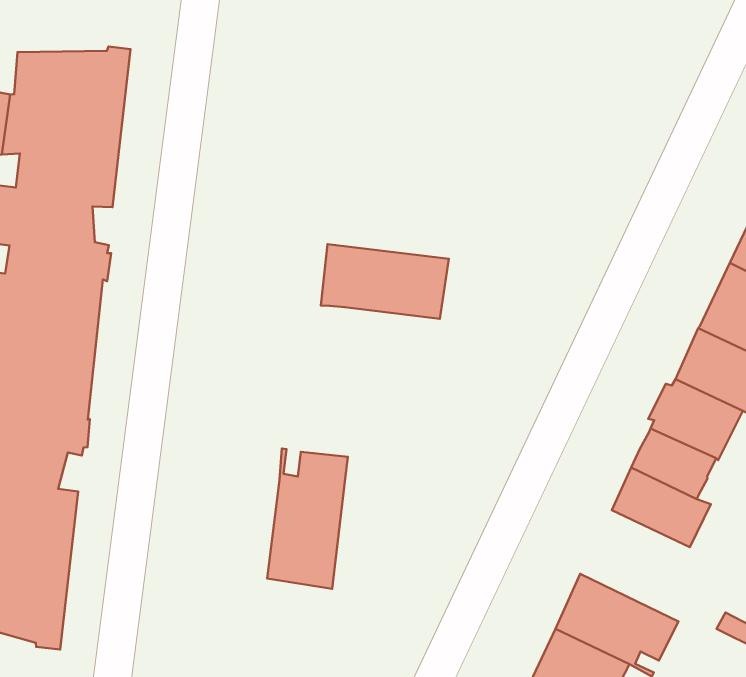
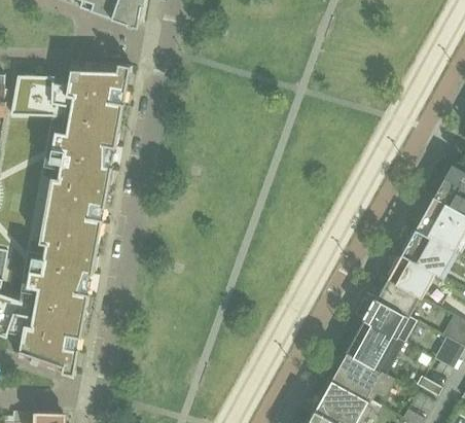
building: [321,244,449,319] -> none
building: [267,448,348,589] -> none
building: none -> [346,319,403,374]

